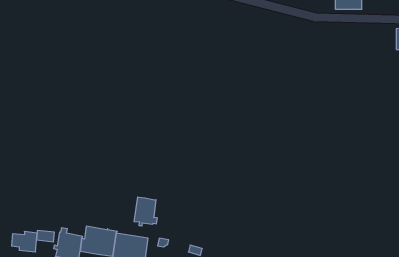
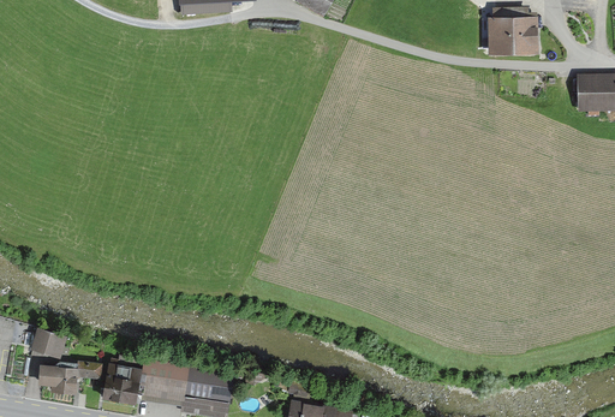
building: [134,197,157,226] -> none
building: none -> [31,329,65,357]

